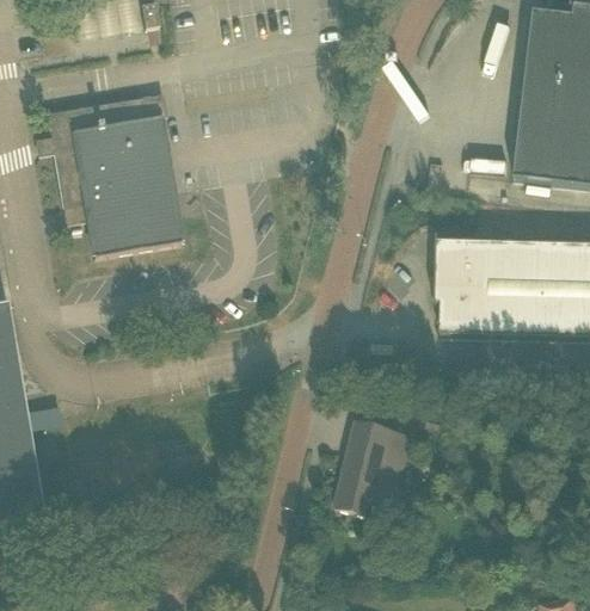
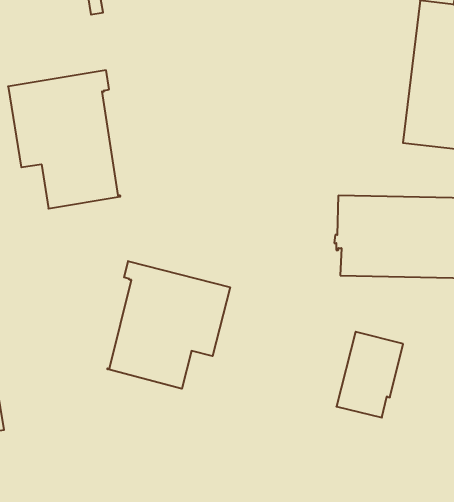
building: none -> [107,261,230,389]
building: [334,418,413,519] -> [336,332,403,418]

